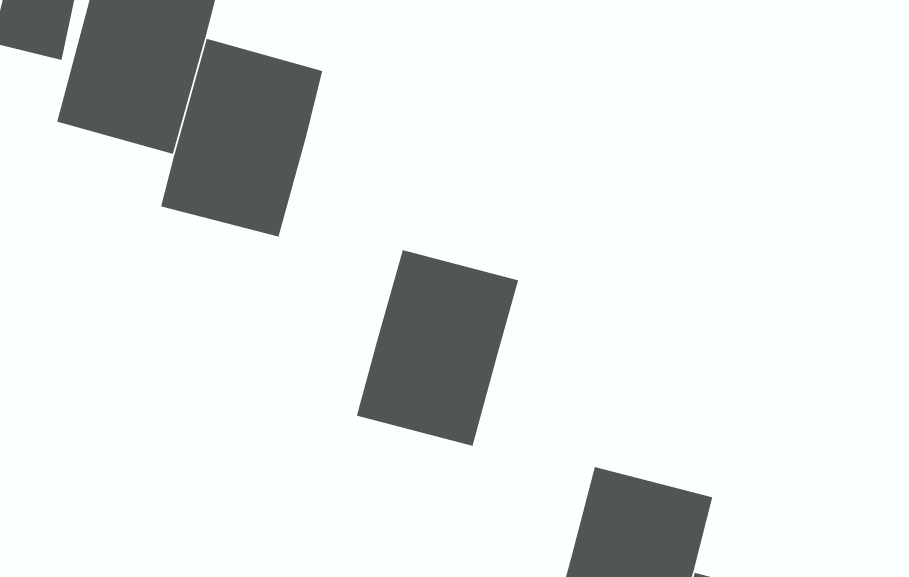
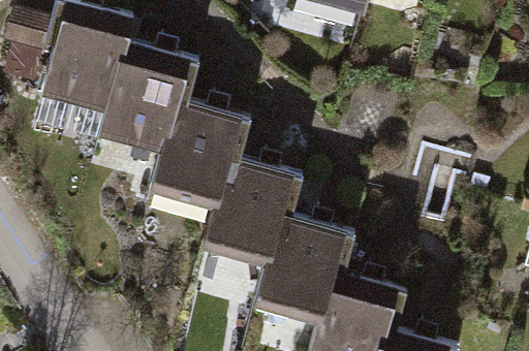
building: none -> [152,99,240,205]
building: none -> [256,215,344,322]

